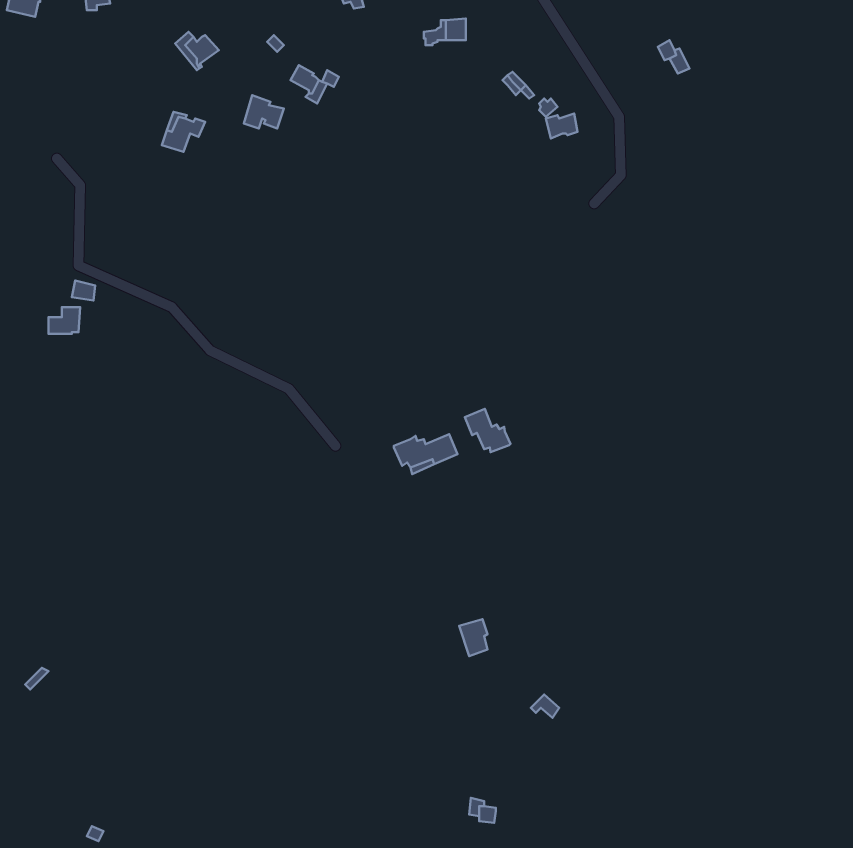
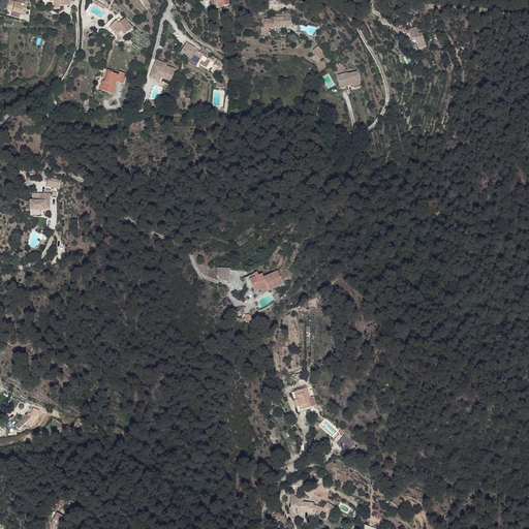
building: [465,409,510,452] -> none

